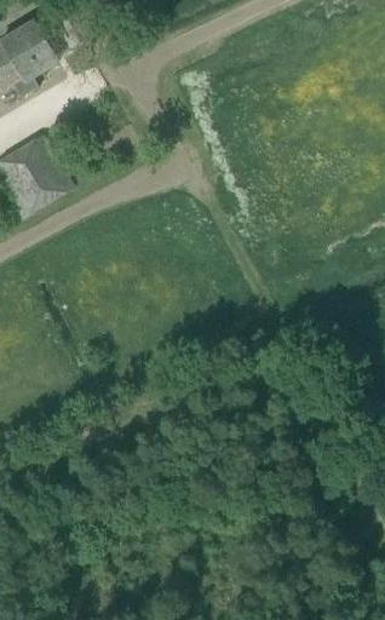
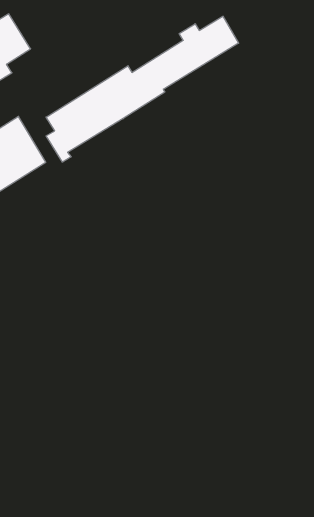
building: none -> [46,16,239,162]

